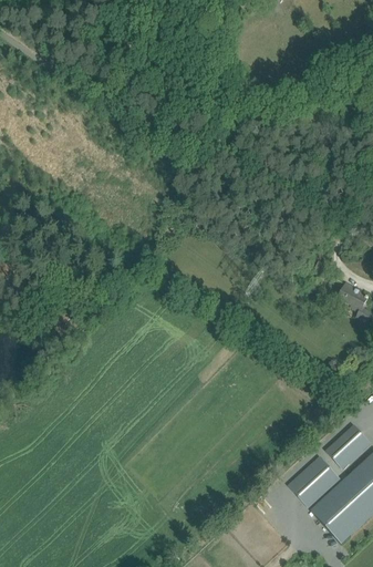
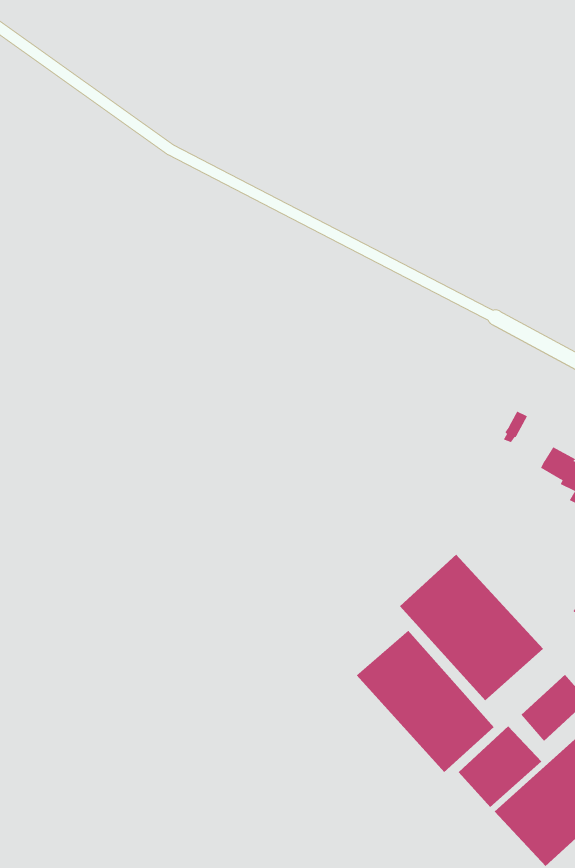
building: none -> [399,554,544,701]
building: none -> [356,630,495,773]

